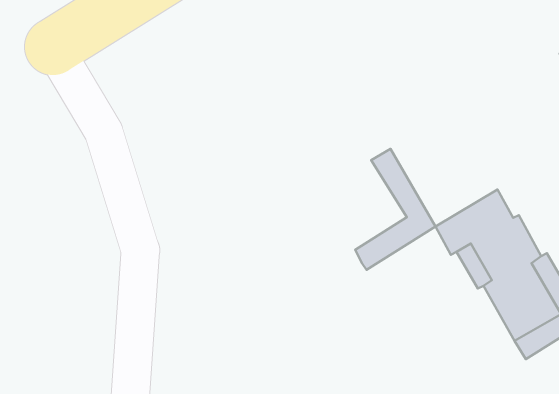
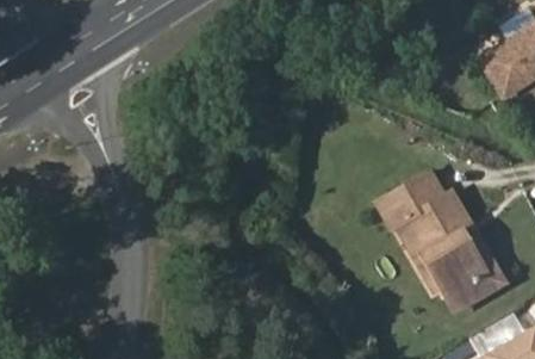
building: [355,149,435,270] -> none

